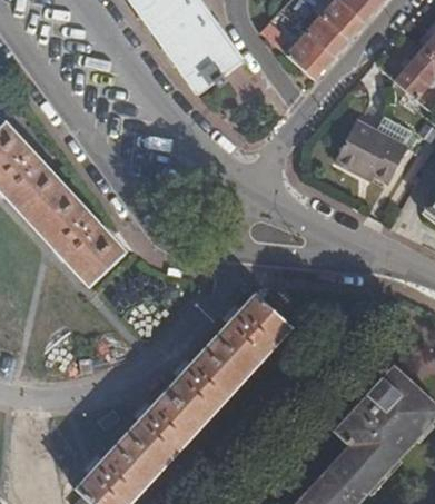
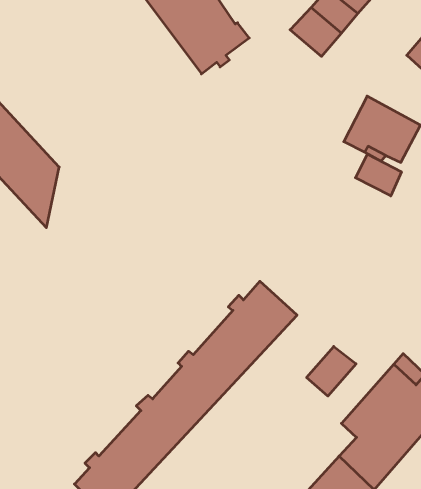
building: none -> [355,154,401,196]
building: [52,186,126,285] -> none
building: none -> [307,346,356,396]

